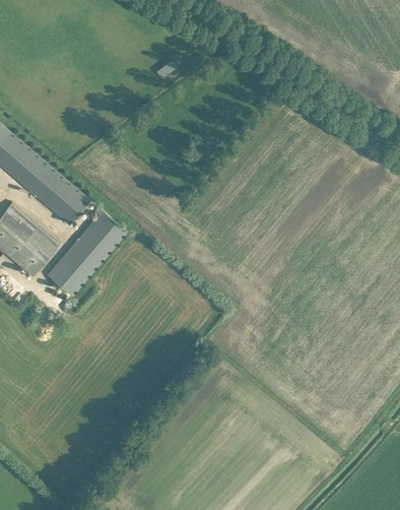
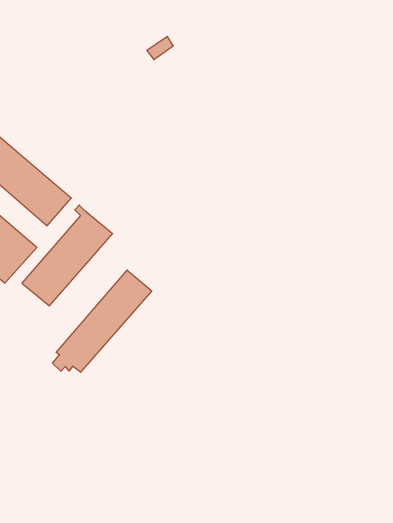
building: none -> [53,270,152,372]

